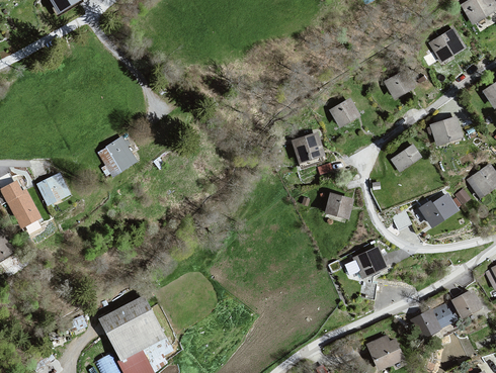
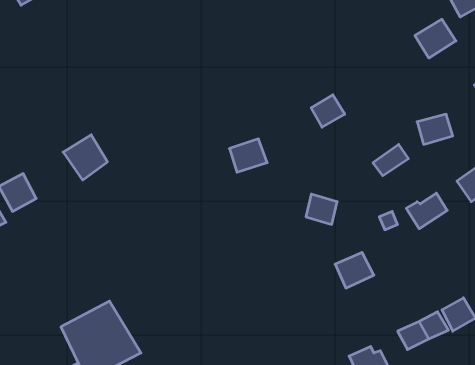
building: [385,71,415,100] -> none
building: [291,132,326,164] -> [229,139,267,172]

